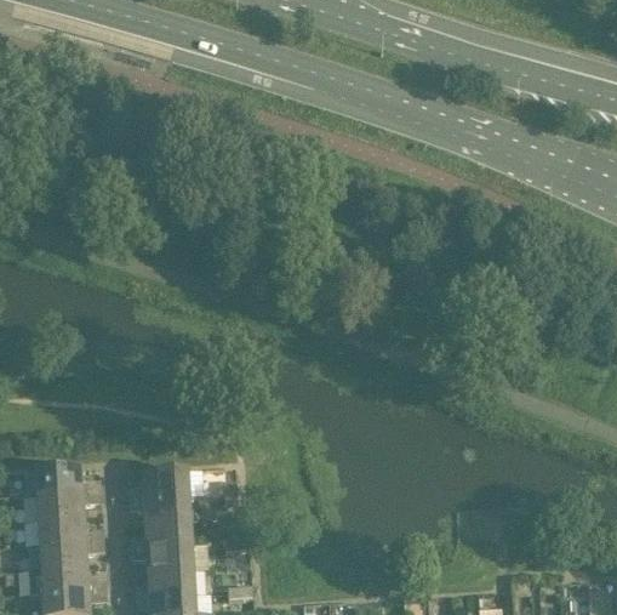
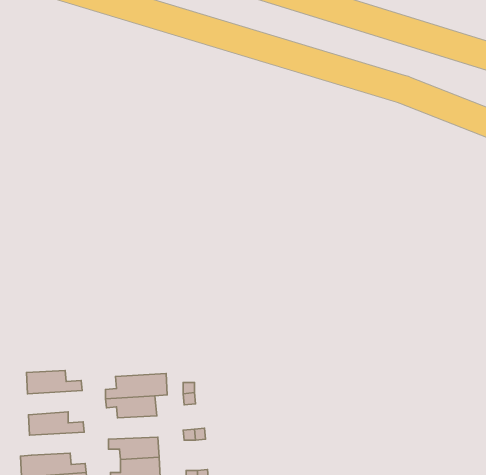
building: [34,495,99,524] -> none
building: [130,525,190,553] -> none
building: [36,545,103,573] -> none

